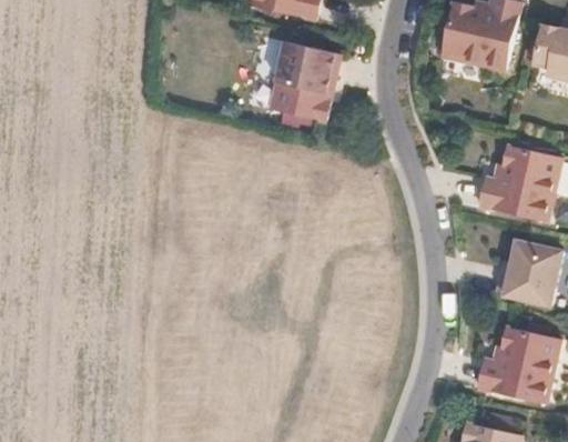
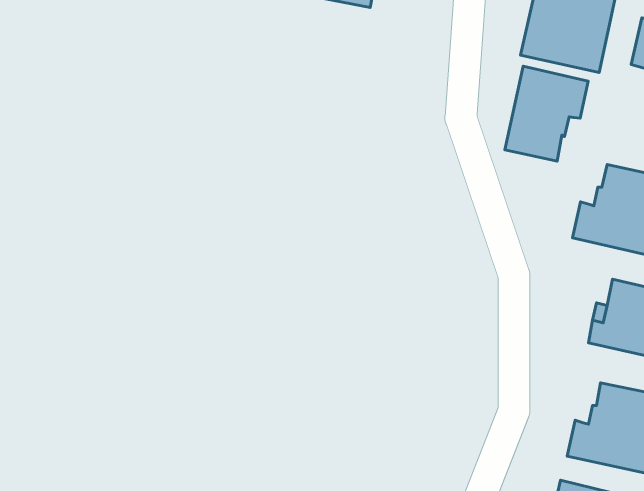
building: [271,39,338,118] -> none
building: none -> [505,66,588,161]

